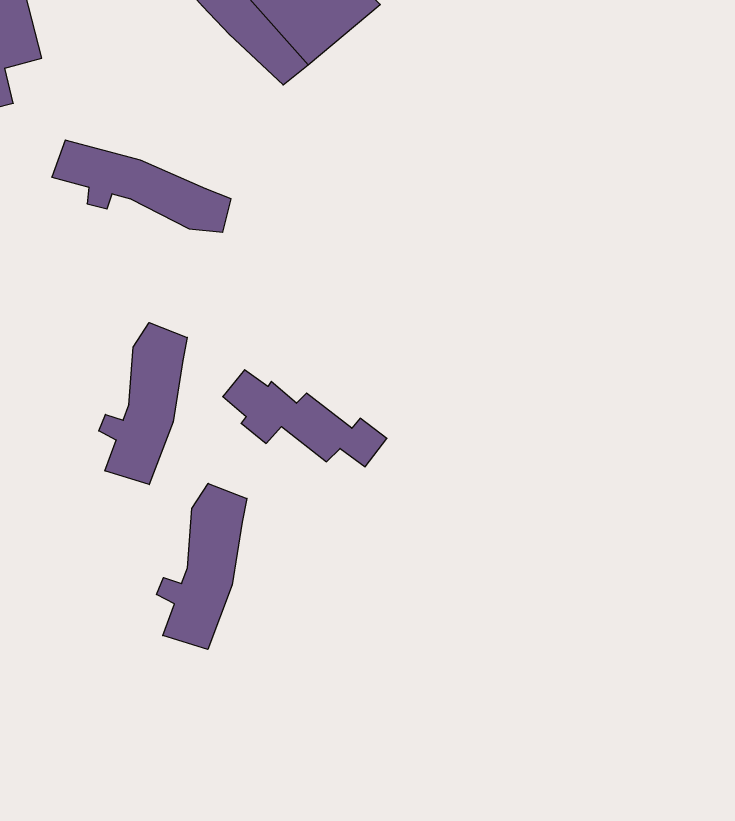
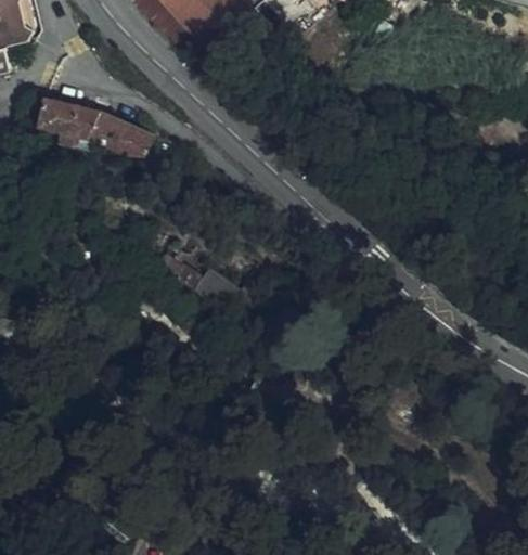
building: [99,323,187,485] -> none
building: [157,483,247,649] -> none

